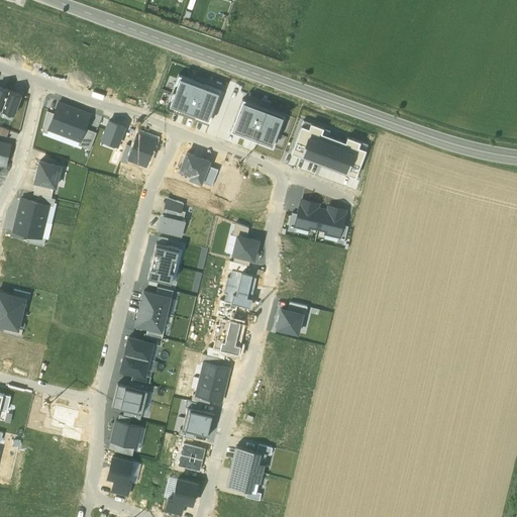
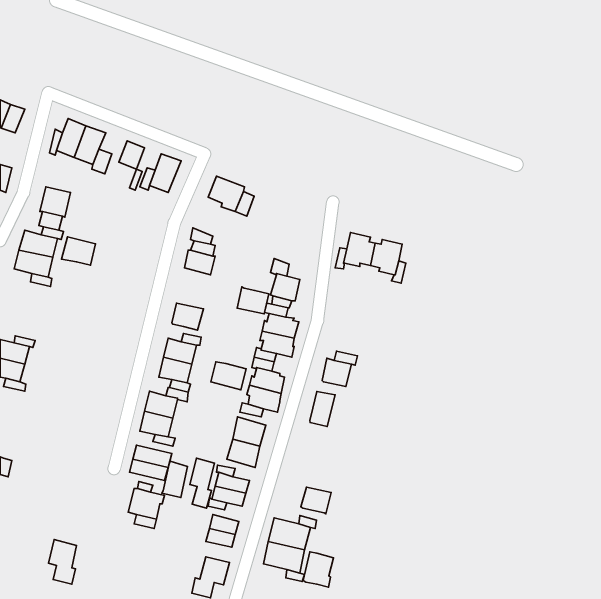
building: [166,76,221,124] -> none
building: [230,99,285,148] -> none
building: [291,121,368,178] -> none
building: none -> [61,237,96,265]
building: [151,243,179,267] -> [237,287,269,314]
building: none -> [211,362,246,390]
building: none -> [310,391,335,426]
building: none -> [190,458,214,508]
building: none -> [162,461,188,498]
building: none -> [301,487,331,514]
building: [107,457,131,496] -> [48,540,77,584]
building: none -> [303,552,333,587]

